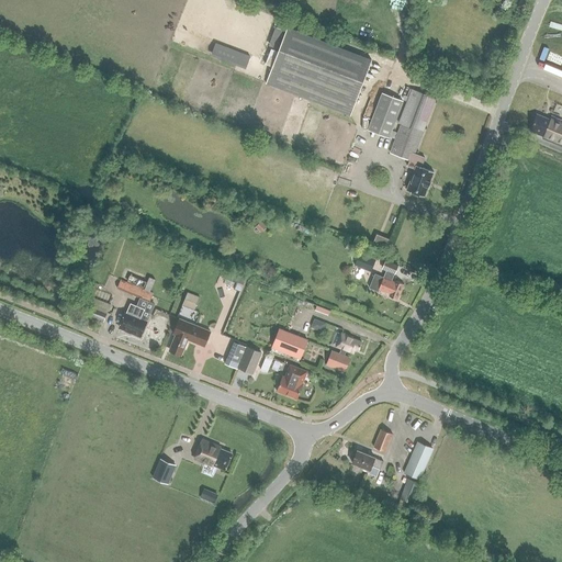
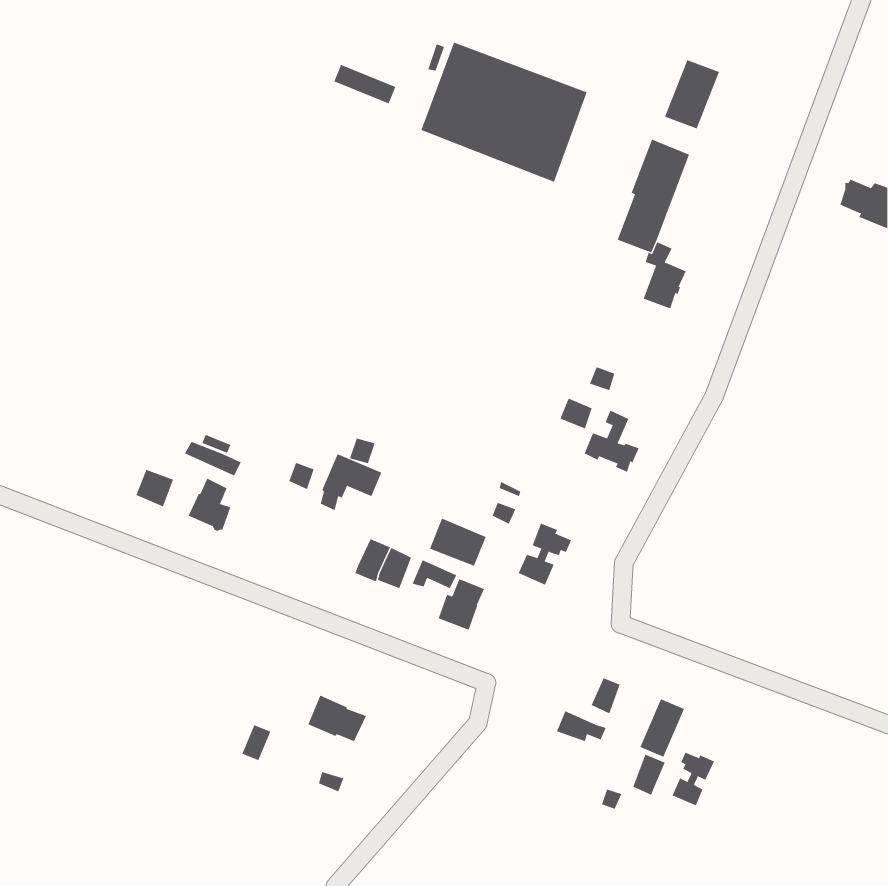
building: [368,92,403,136] -> [664,60,720,129]
building: [170,318,210,355] -> [320,453,382,511]
building: none -> [672,752,715,806]

